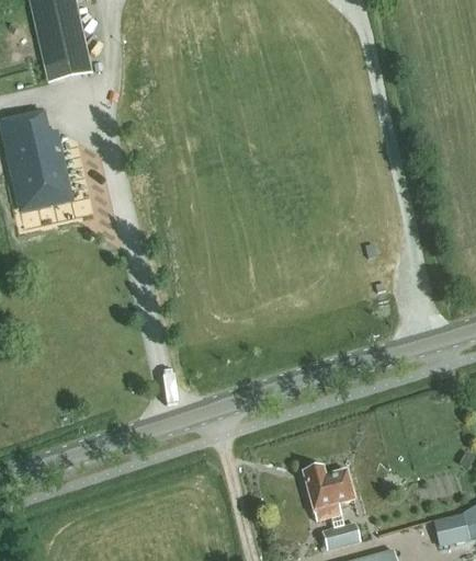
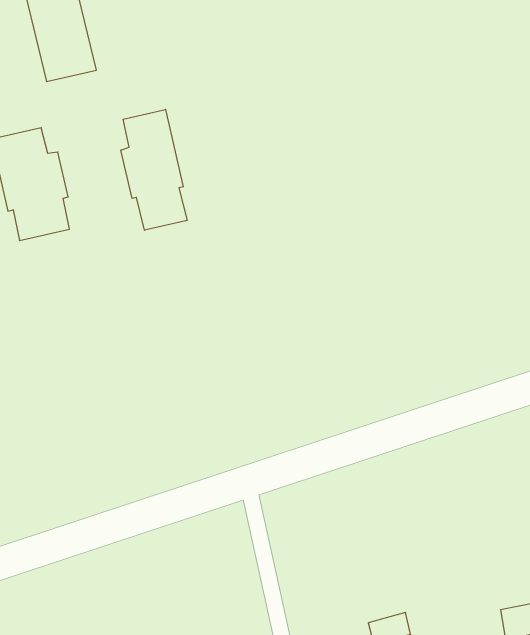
building: none -> [121,109,187,230]
building: [304,468,355,523] -> none

